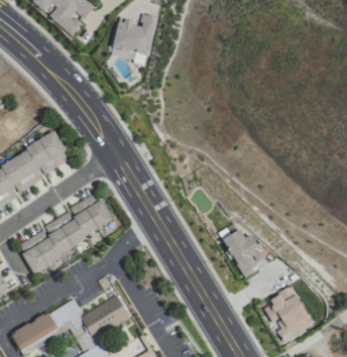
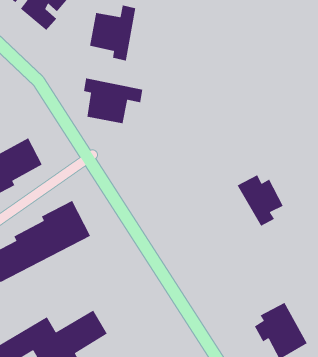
building: none -> [83,78,143,124]
building: [221,229,264,277] -> [237,174,284,227]

